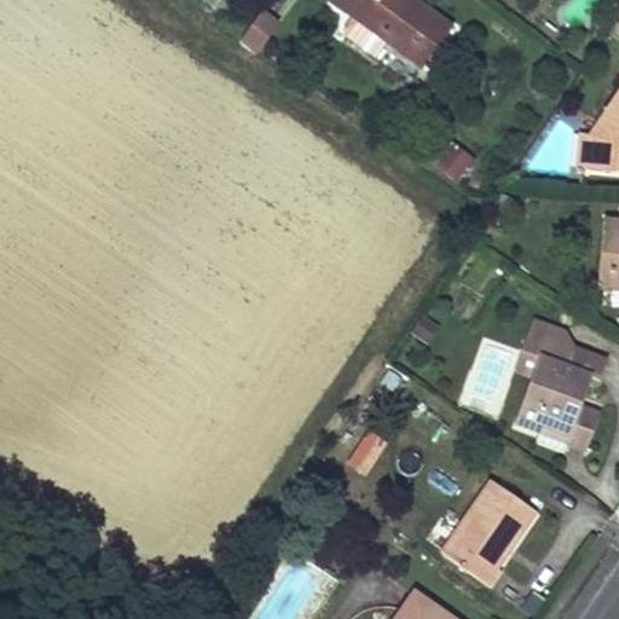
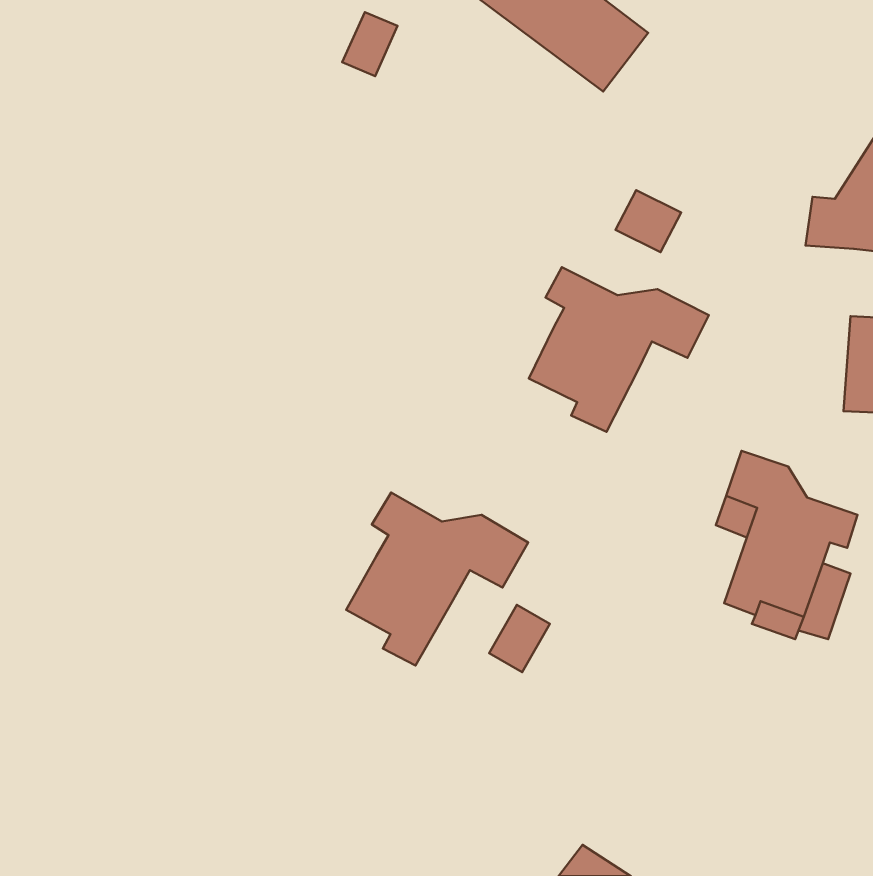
building: none -> [529,267,709,432]
building: none -> [346,493,528,665]
building: [439,480,534,590] -> none

